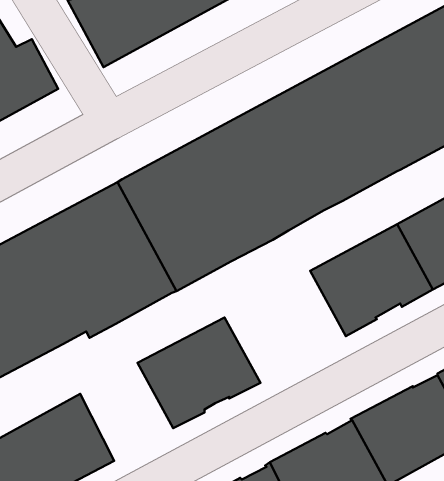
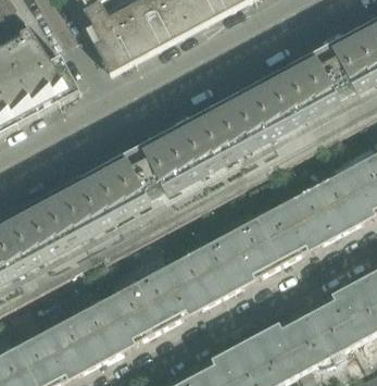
building: none -> [194,217,279,296]
building: none -> [93,282,159,350]

